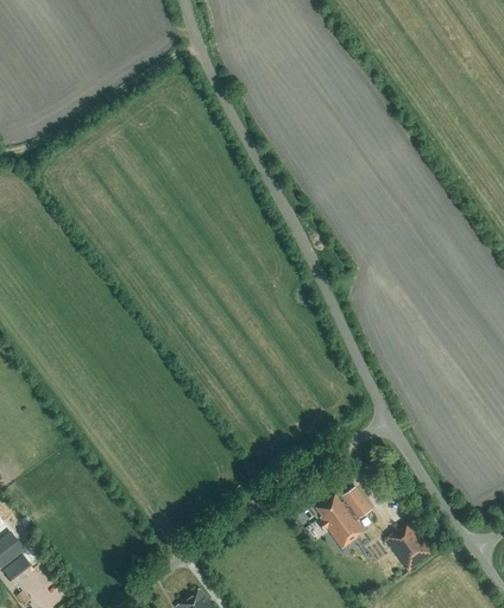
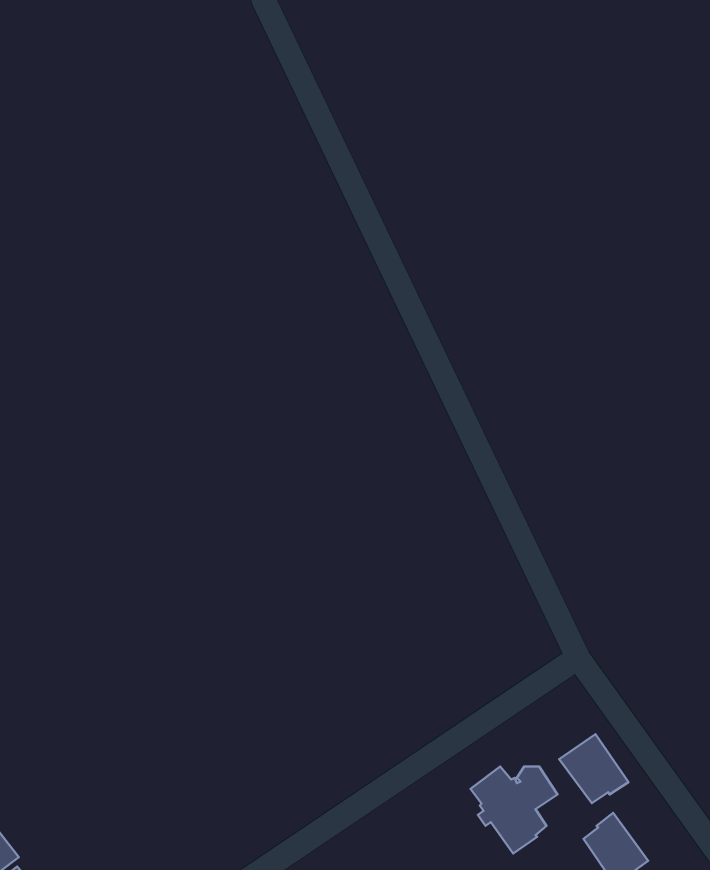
building: none -> [559,734,628,803]

